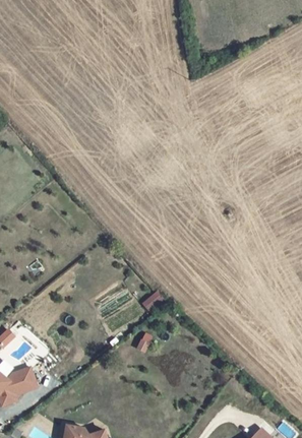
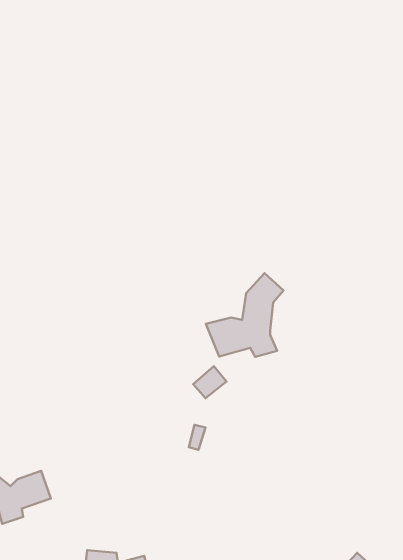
building: none -> [206,273,284,357]

